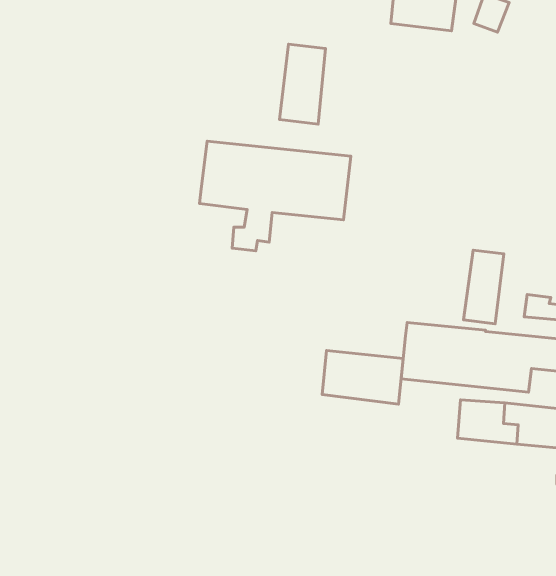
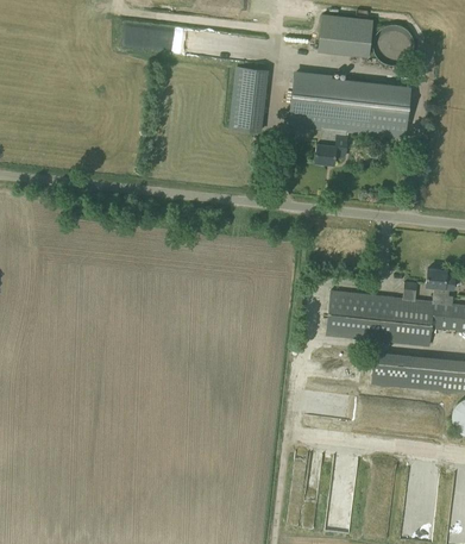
building: [200,141,351,251] -> [289,75,410,163]
building: [463,250,504,324] -> none
building: [322,351,403,404] -> none

